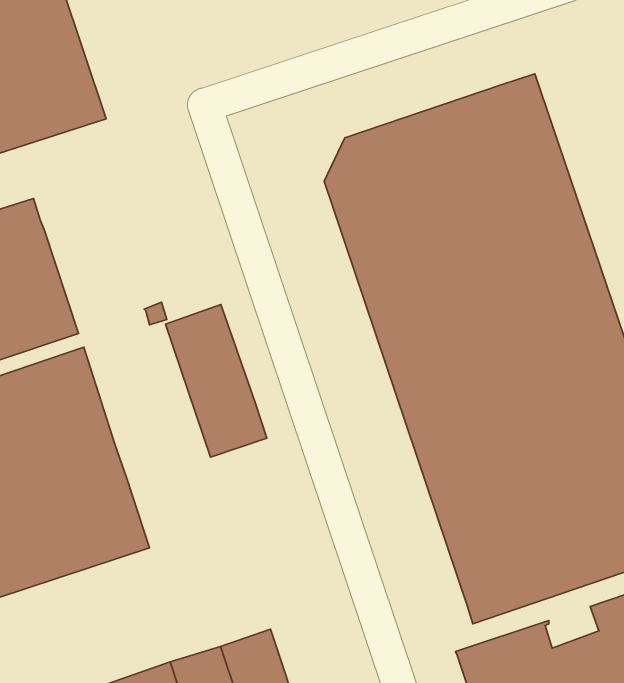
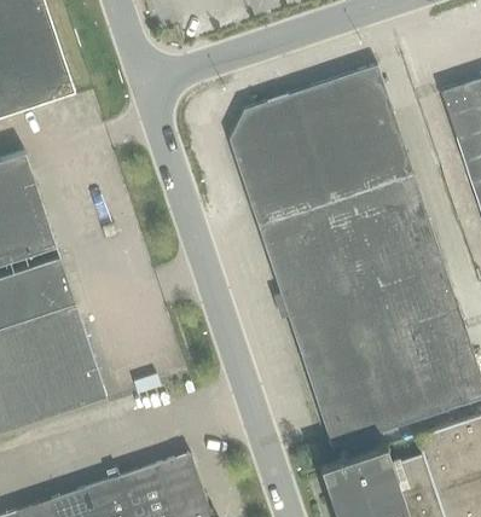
building: [165,304,267,457] -> none

